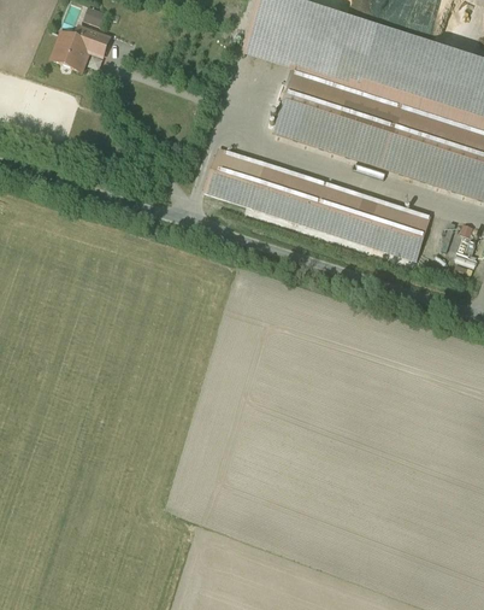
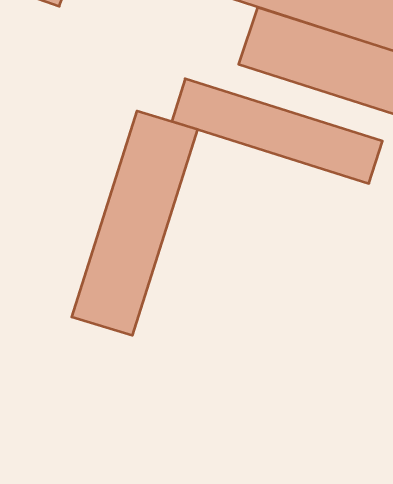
building: none -> [72,111,198,335]

